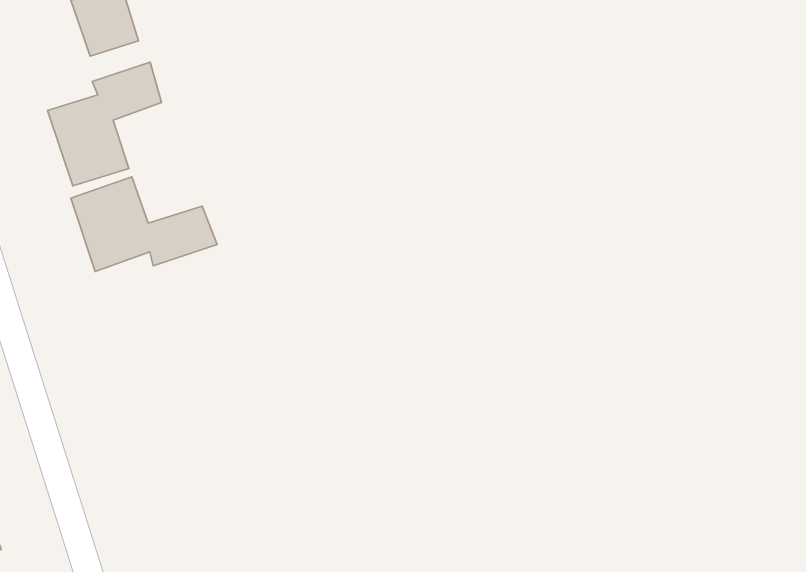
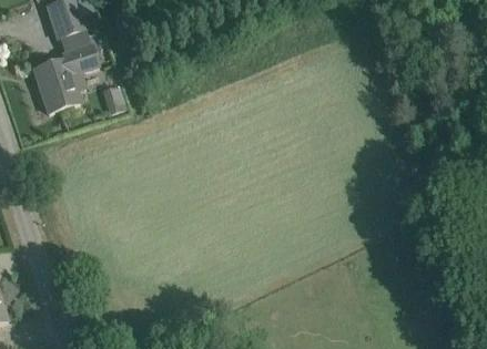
building: [71,177,217,271] -> none

